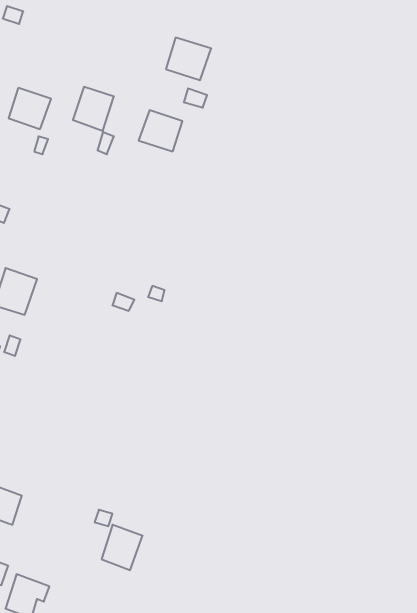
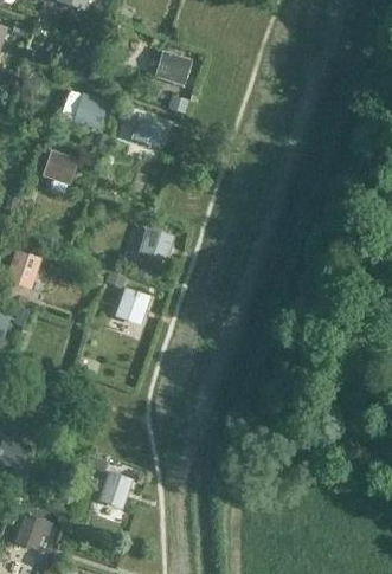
building: [9,88,51,129] -> [41,149,78,185]
building: none -> [136,226,174,262]
building: none -> [114,286,149,324]

